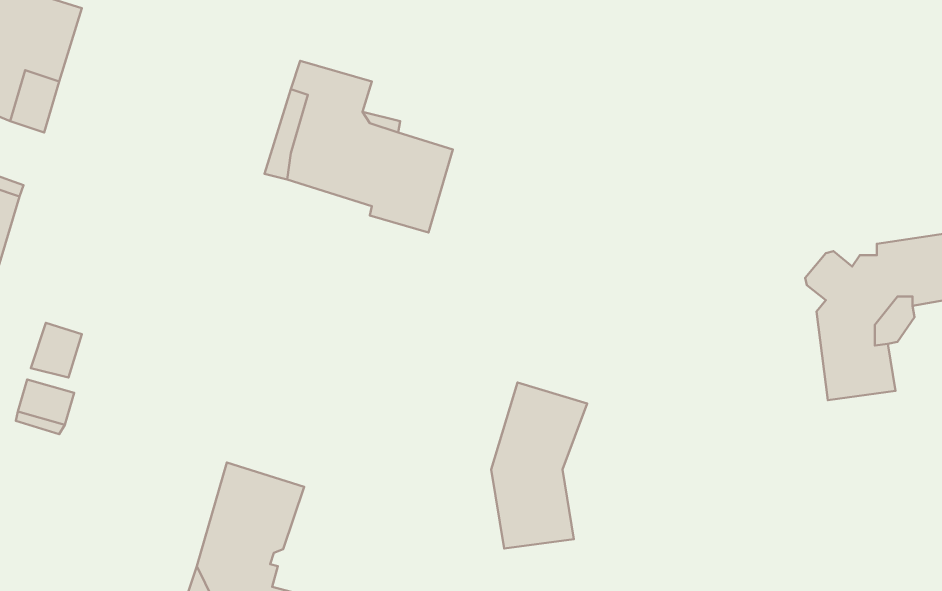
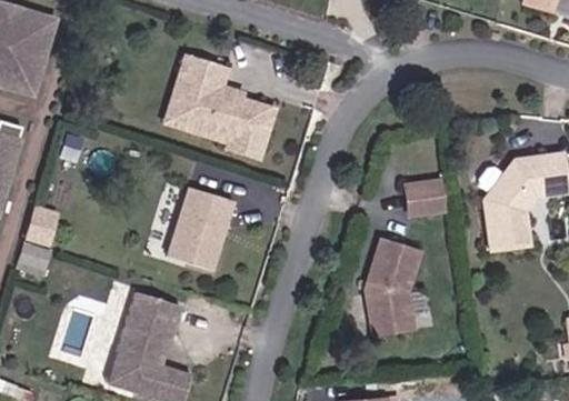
building: none -> [410,183,447,214]
building: none -> [167,184,232,268]
building: [491,383,587,549] -> [366,238,422,335]

